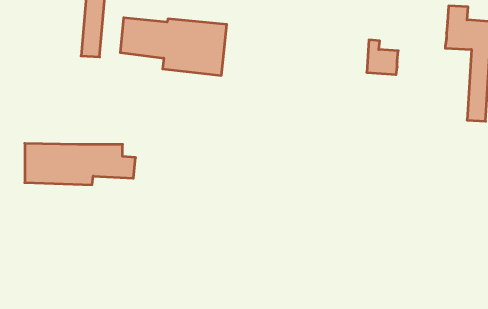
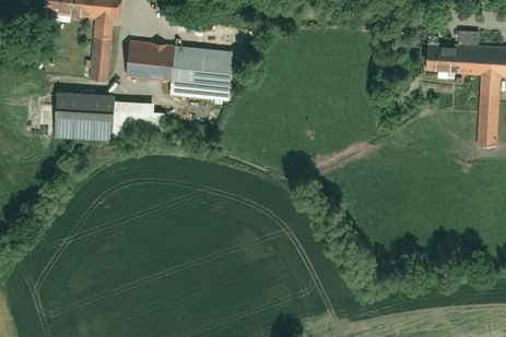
building: [367,40,398,75] -> [424,36,456,71]
building: [25,143,136,185] -> [58,98,169,140]

